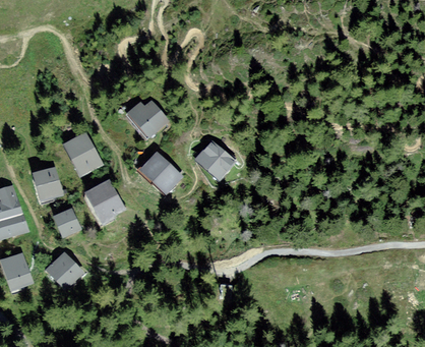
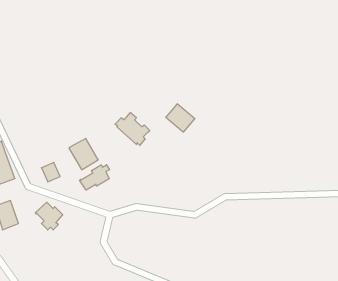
building: [133,101,166,135] -> none
building: [67,136,98,172] -> none
building: [36,170,60,198] -> none
building: none -> [80,165,110,190]

